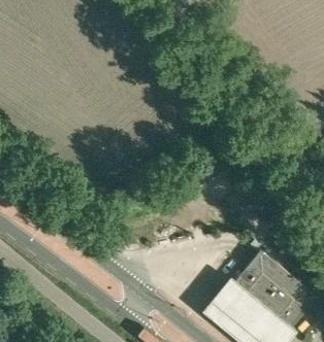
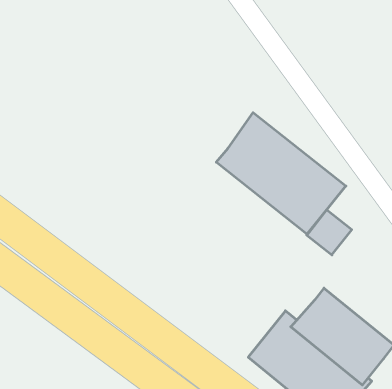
building: none -> [216,113,346,234]

